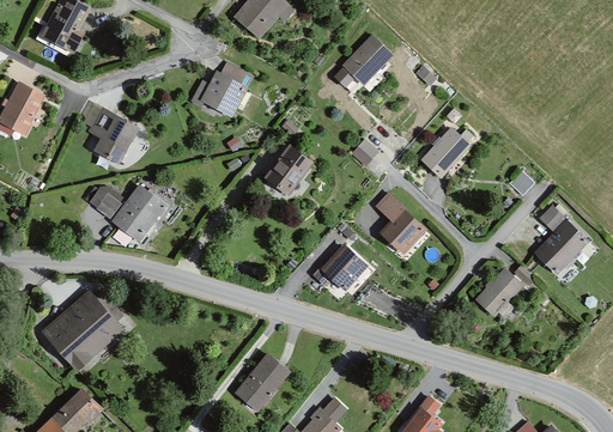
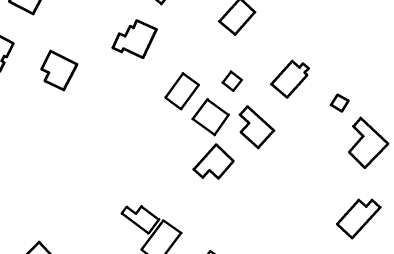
building: none -> [193,99,229,135]
building: [79,180,166,244] -> none
building: [471,266,533,321] -> [337,200,380,238]
building: [38,287,125,373] -> none
building: none -> [122,206,159,233]

